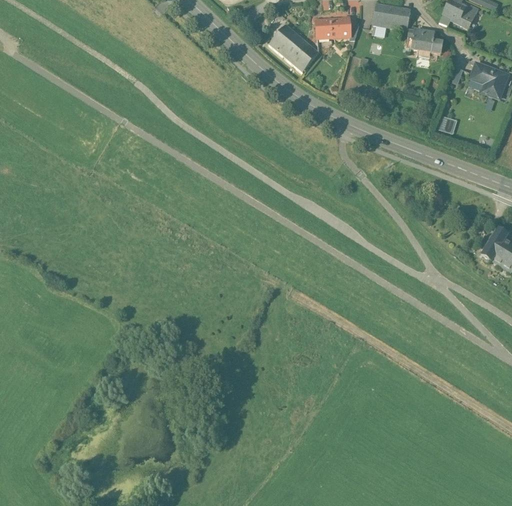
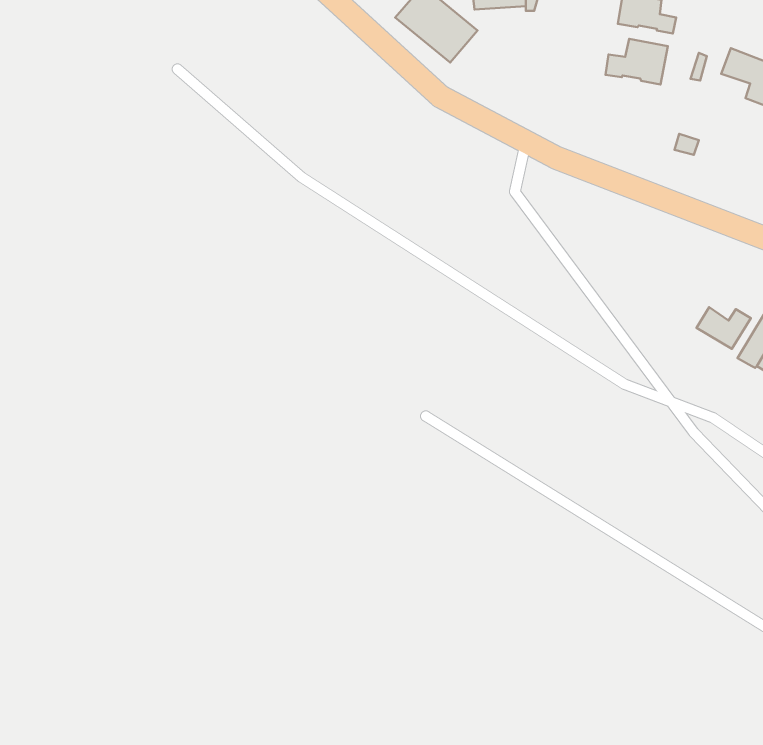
building: none -> [605,39,668,85]
building: none -> [697,307,751,349]

